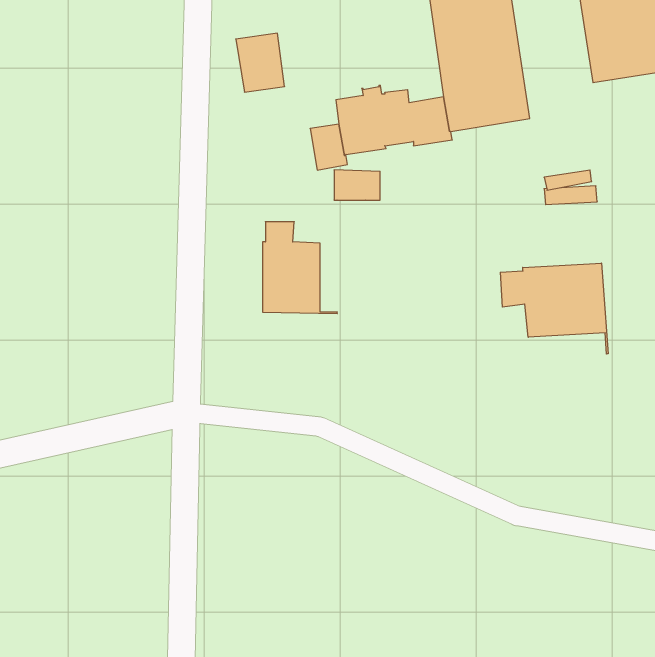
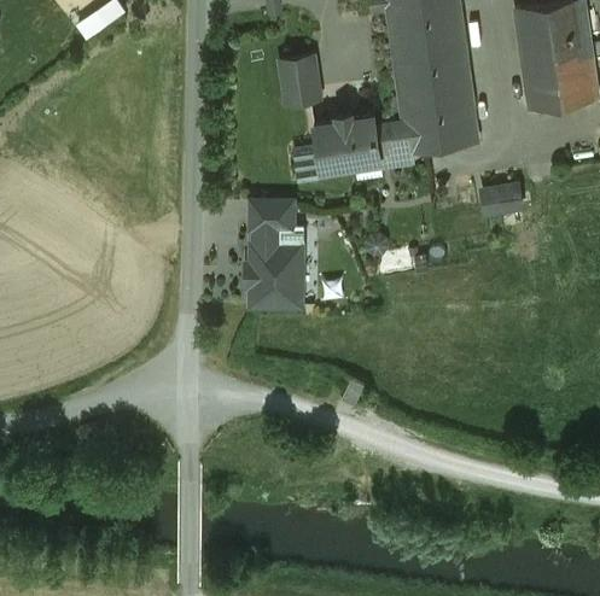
building: [236,33,285,92] -> [279,55,320,105]
building: [334,170,380,200] -> [252,201,291,227]
building: [500,263,608,354] -> none

